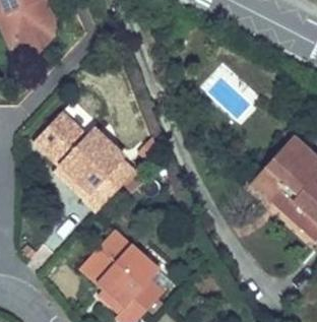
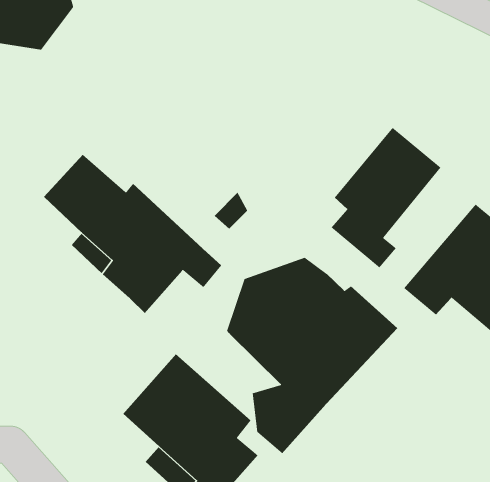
building: none -> [330,127,441,268]
building: none -> [226,257,398,454]

